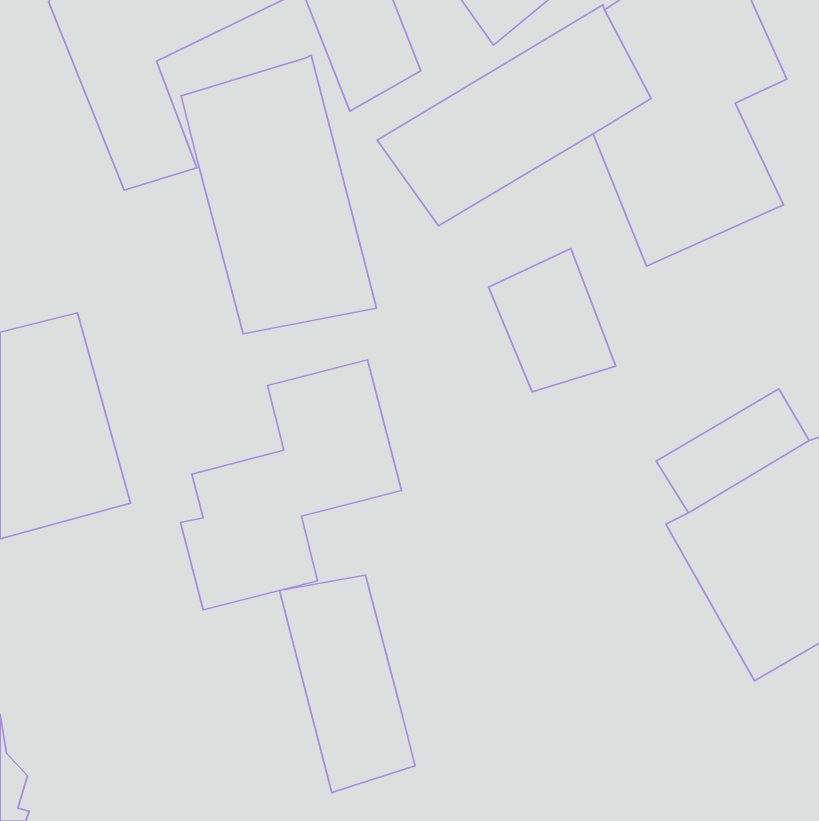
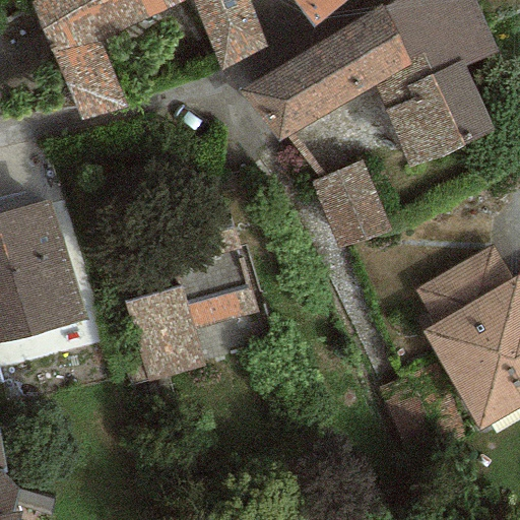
building: [181,55,377,334] -> none
building: [279,575,415,793] -> none

